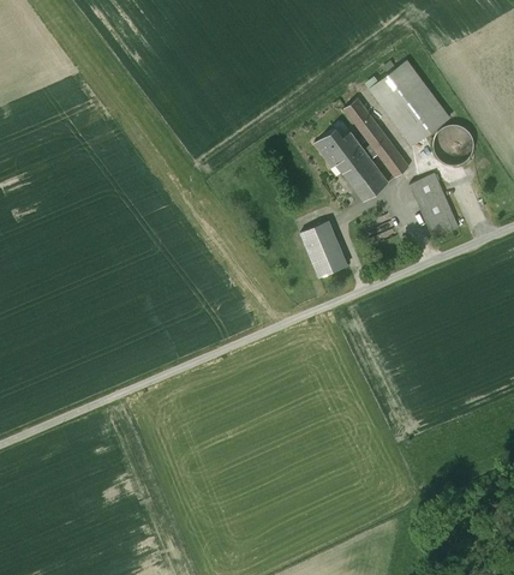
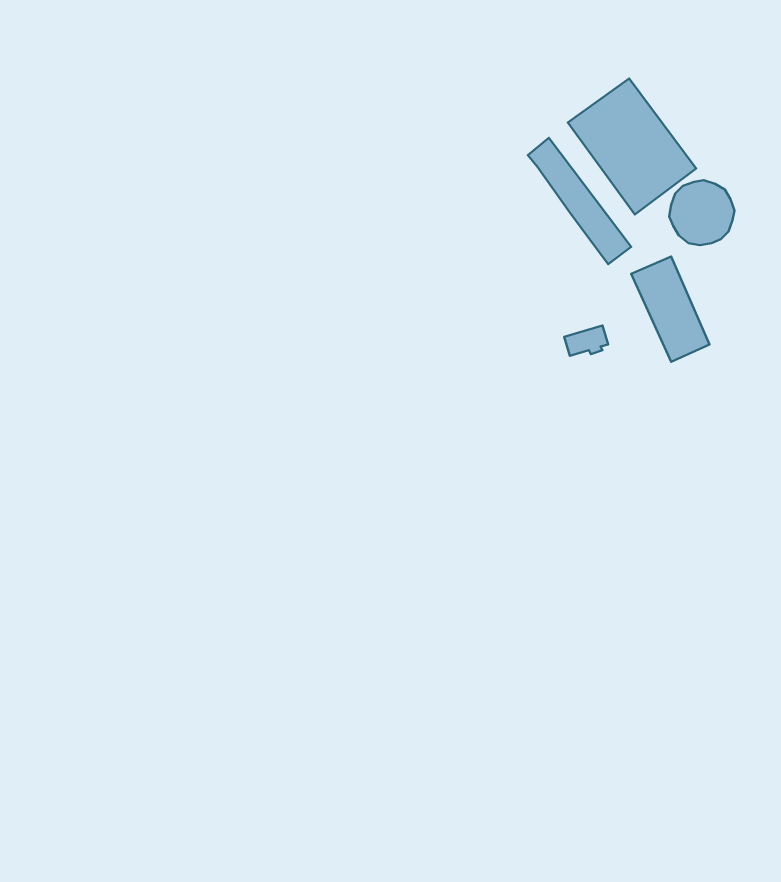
building: [316,127,389,200] -> none
building: [301,221,347,277] -> none

